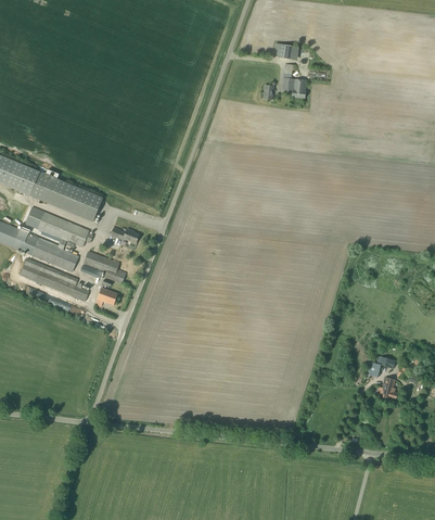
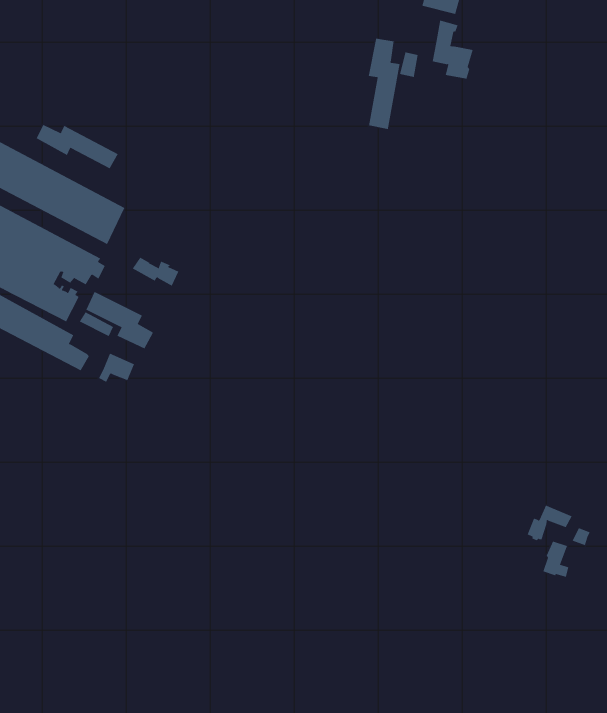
building: none -> [368,38,400,130]
building: none -> [36,124,118,169]

